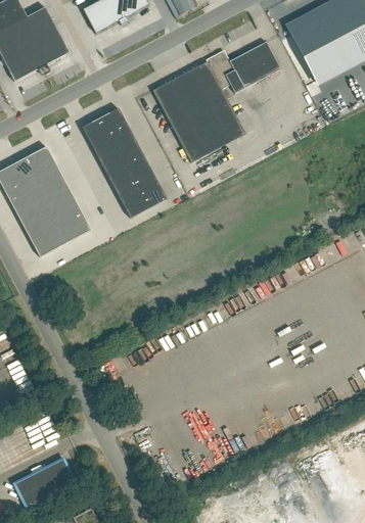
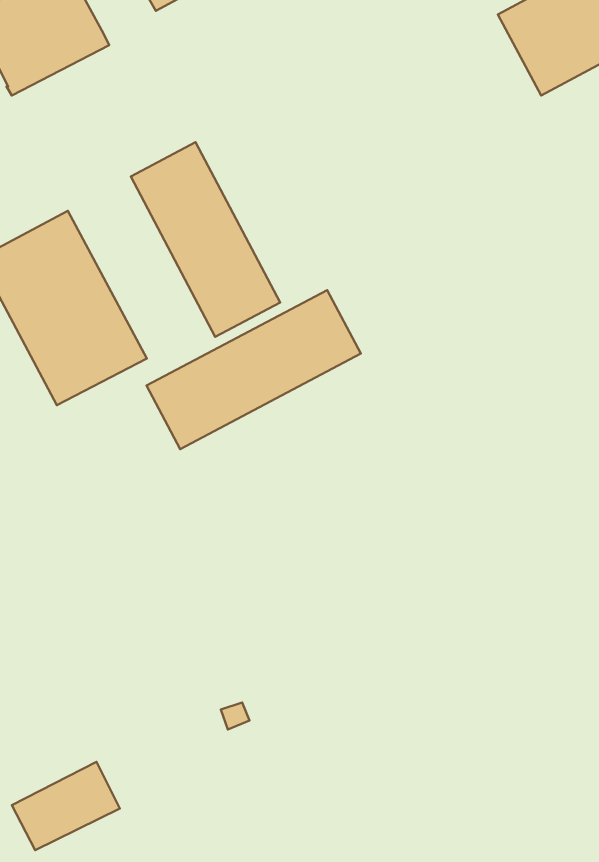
building: [152,40,281,161] -> none
building: none -> [147,290,361,449]

